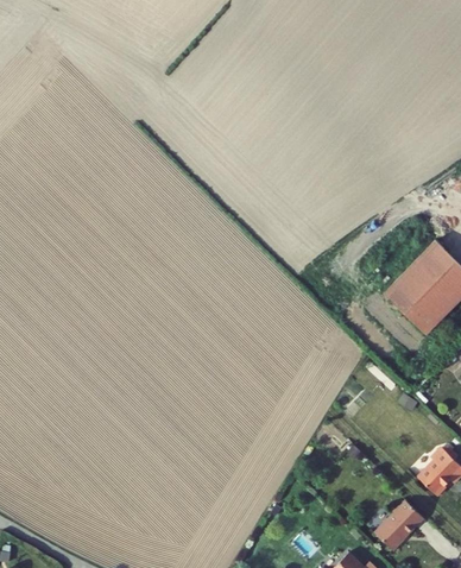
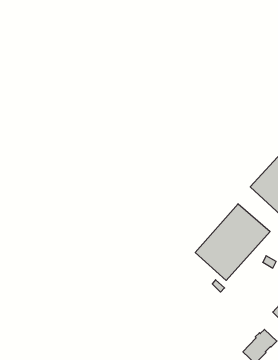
building: none -> [195,204,270,280]

